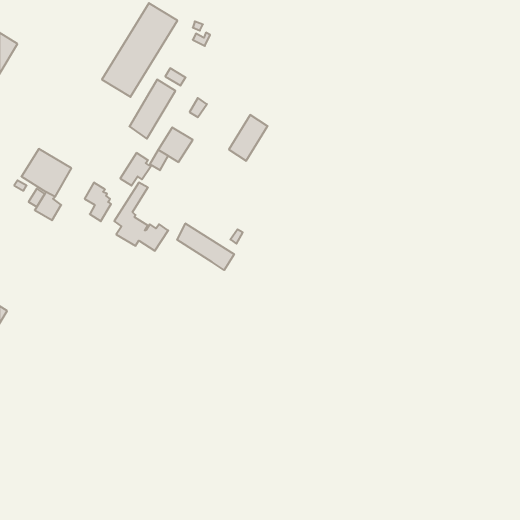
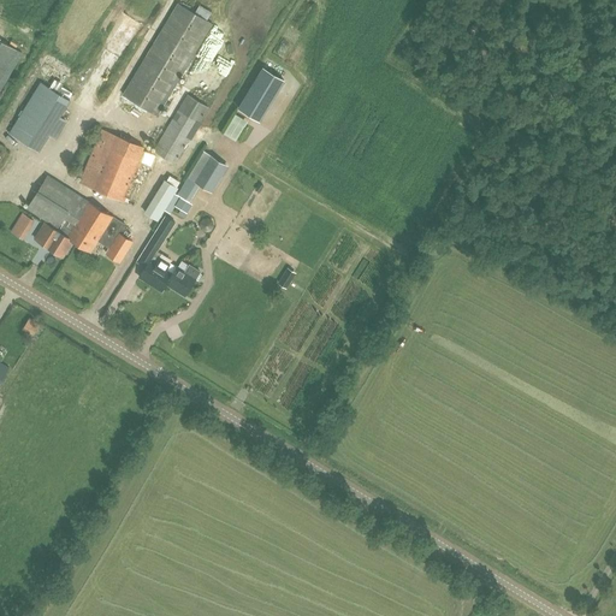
building: none -> [8,83,69,152]
building: none -> [78,134,154,207]
building: [229,115,268,161] -> [237,67,283,122]
building: none -> [63,200,111,253]
building: [177,223,234,270] -> none

